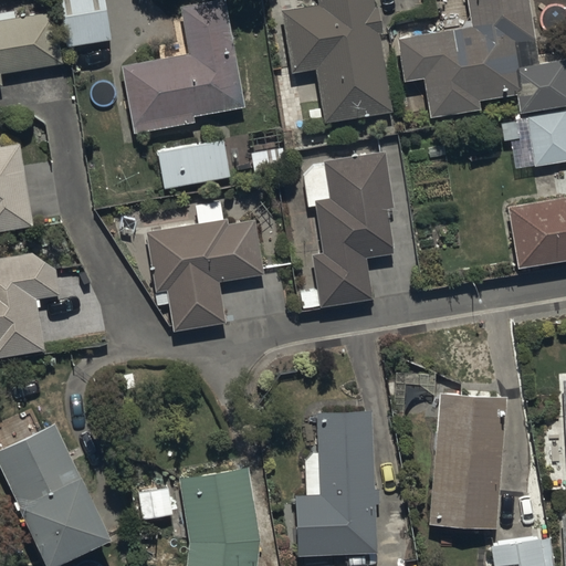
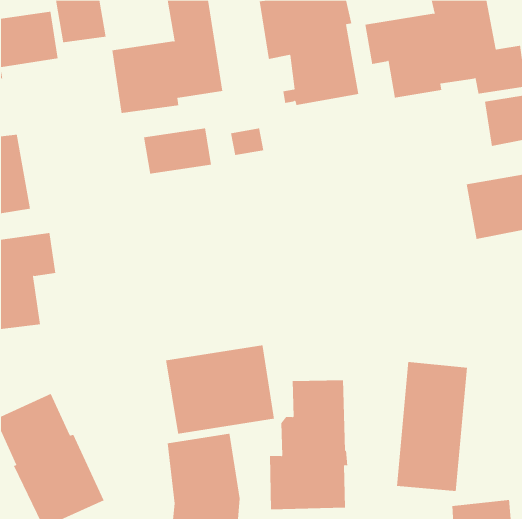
building: [301,147,394,306] -> none
building: [147,207,264,334] -> none
building: none -> [165,344,275,434]

